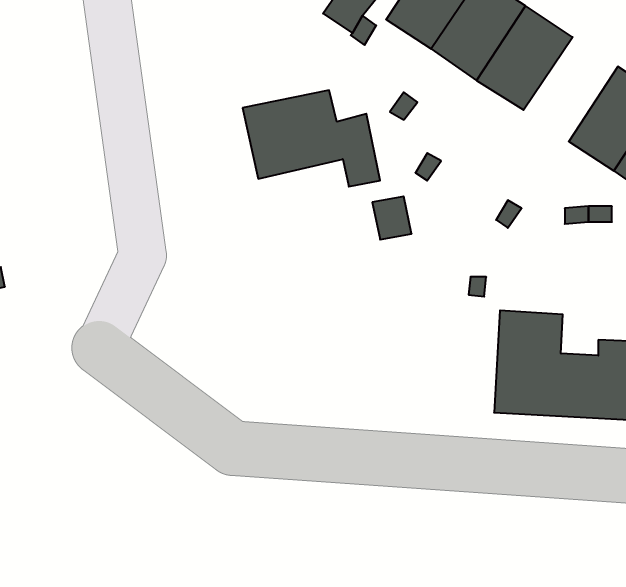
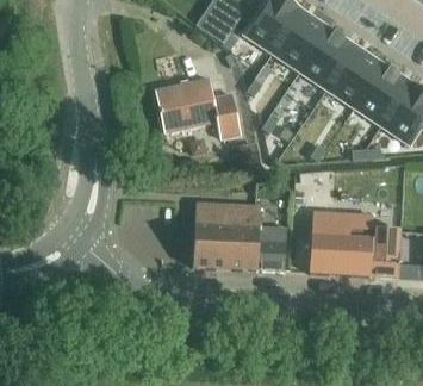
building: none -> [326,45,384,108]
building: none -> [186,199,286,270]

